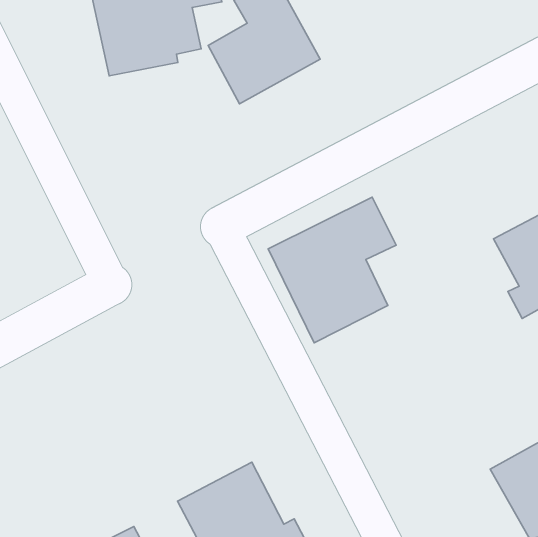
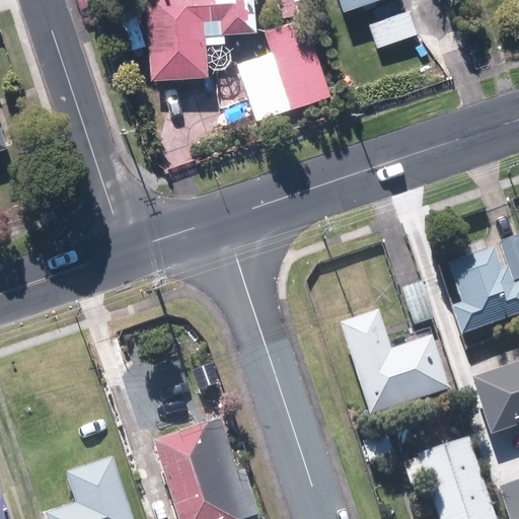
building: [268,197,396,343] -> none
building: none -> [340,311,450,415]

